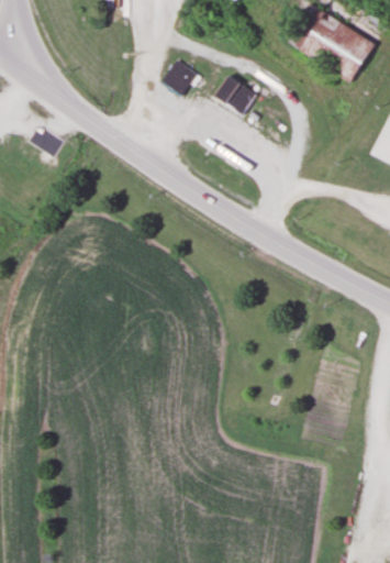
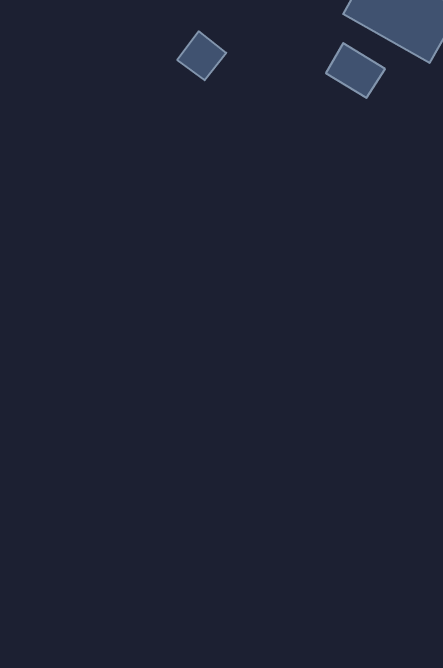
building: [212,73,257,114] -> [326,43,385,98]

